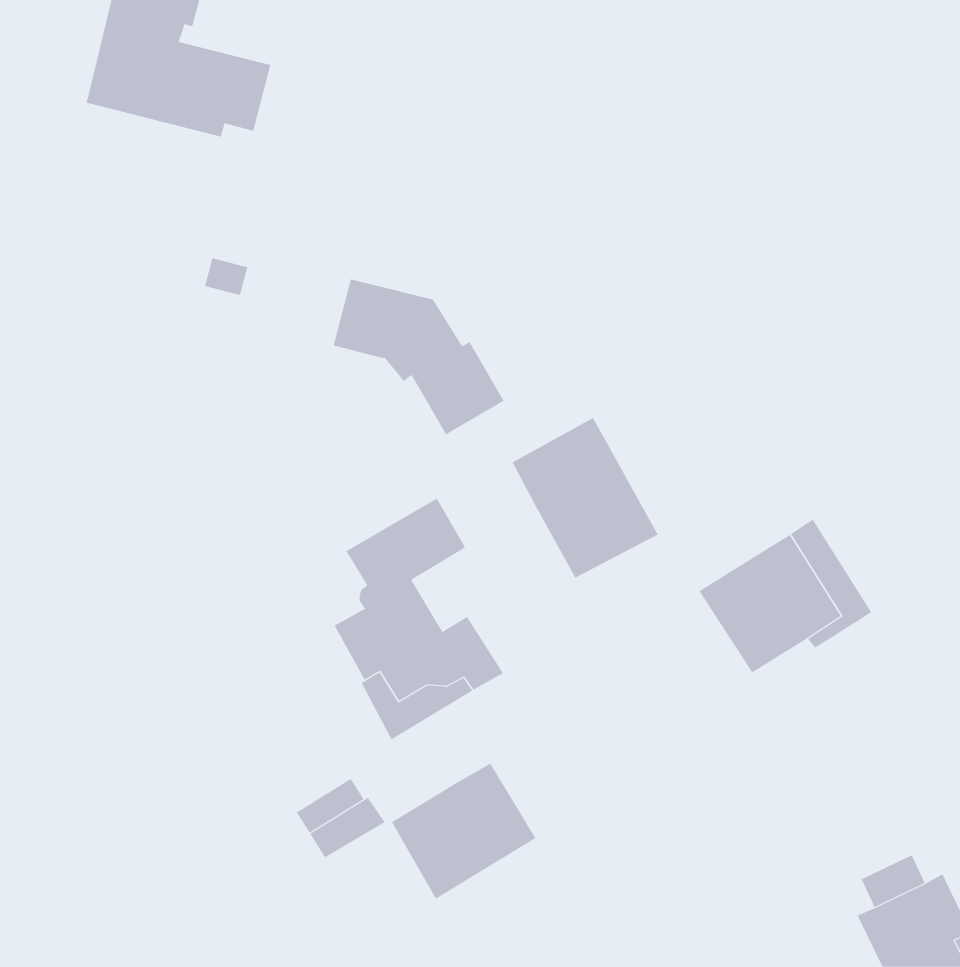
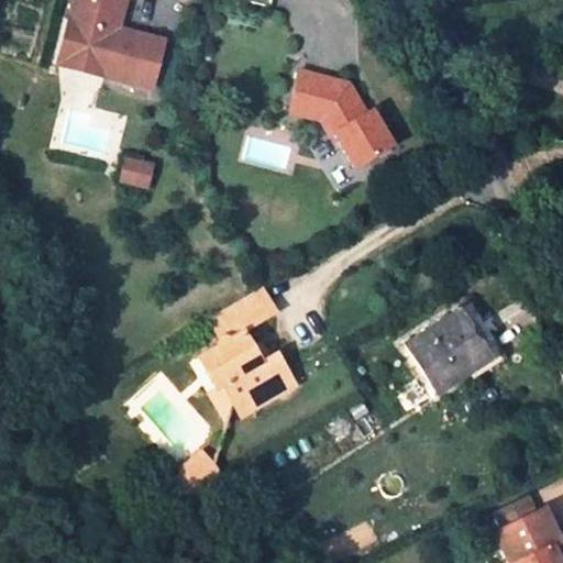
building: [333,279,505,435] -> [288,78,387,168]
building: [512,417,658,578] -> none
building: [391,763,536,899] -> none

